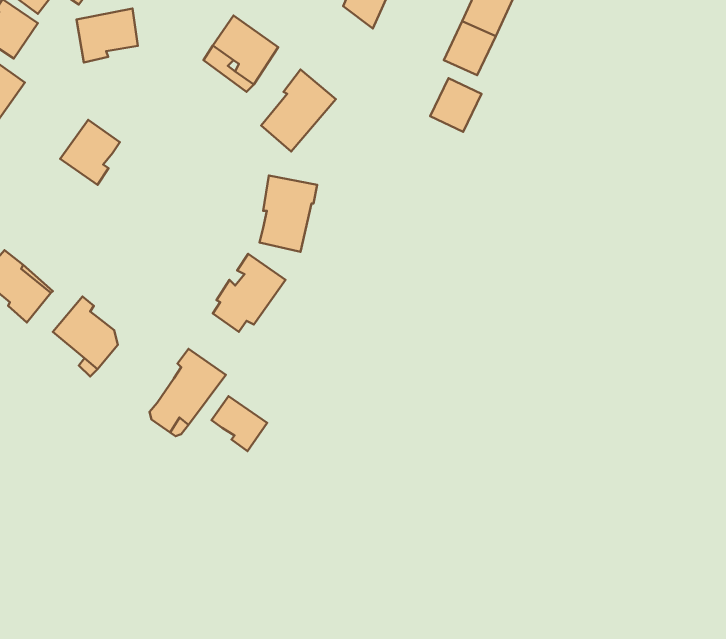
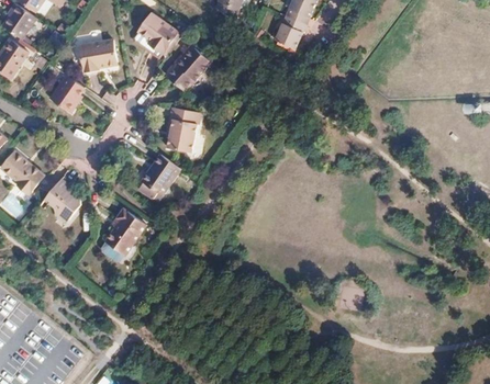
building: [77,8,138,62] -> [79,37,115,69]
building: [430,78,481,132] -> none
building: [212,396,267,451] -> none

